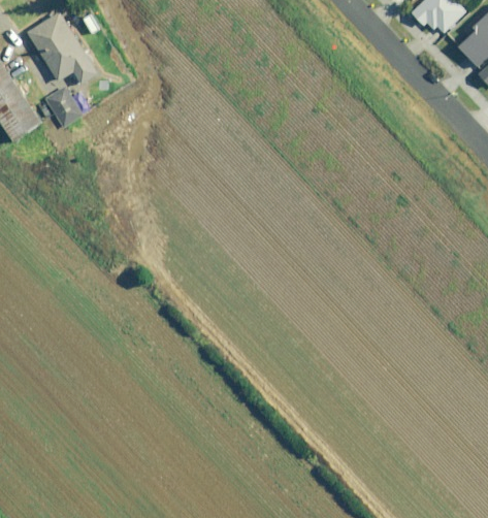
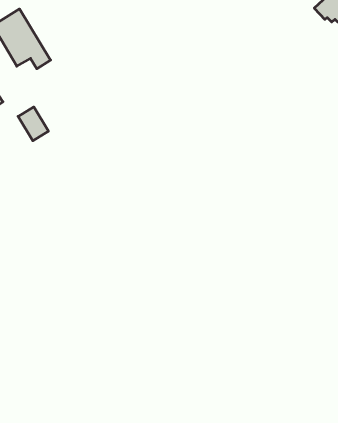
building: [44,87,80,127] -> [18,107,48,141]

